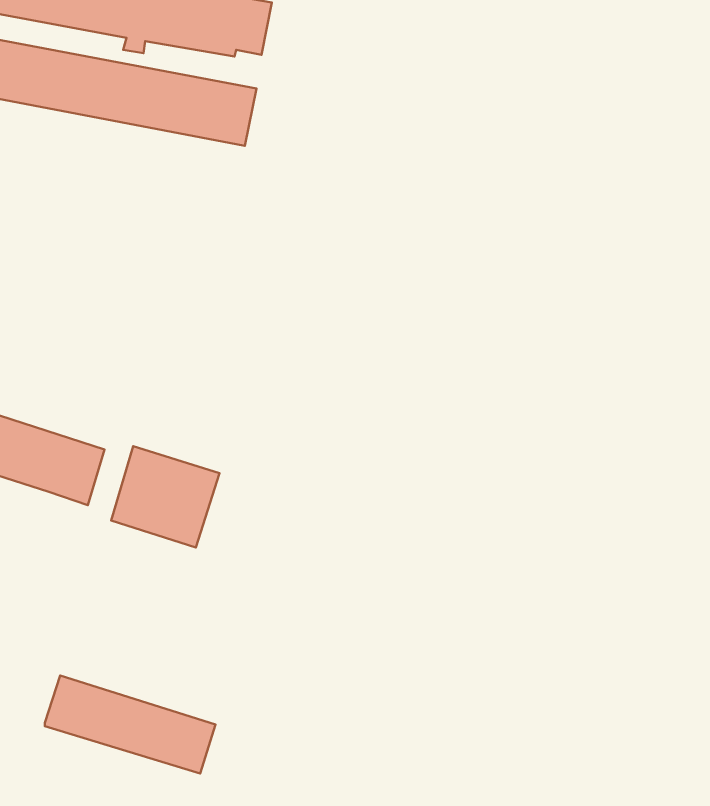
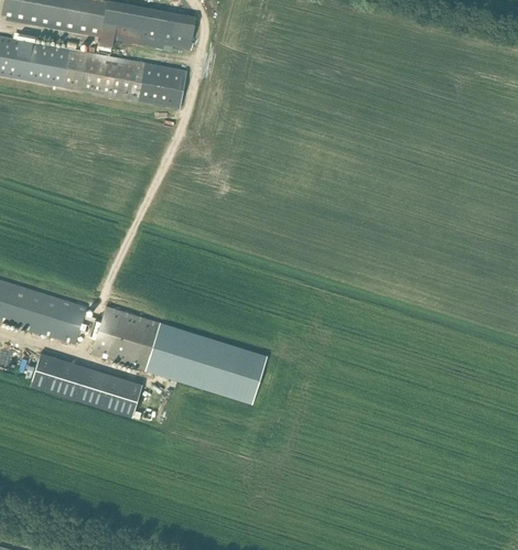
building: none -> [147,323,267,403]
building: [45,675,215,773] -> [31,353,142,417]

